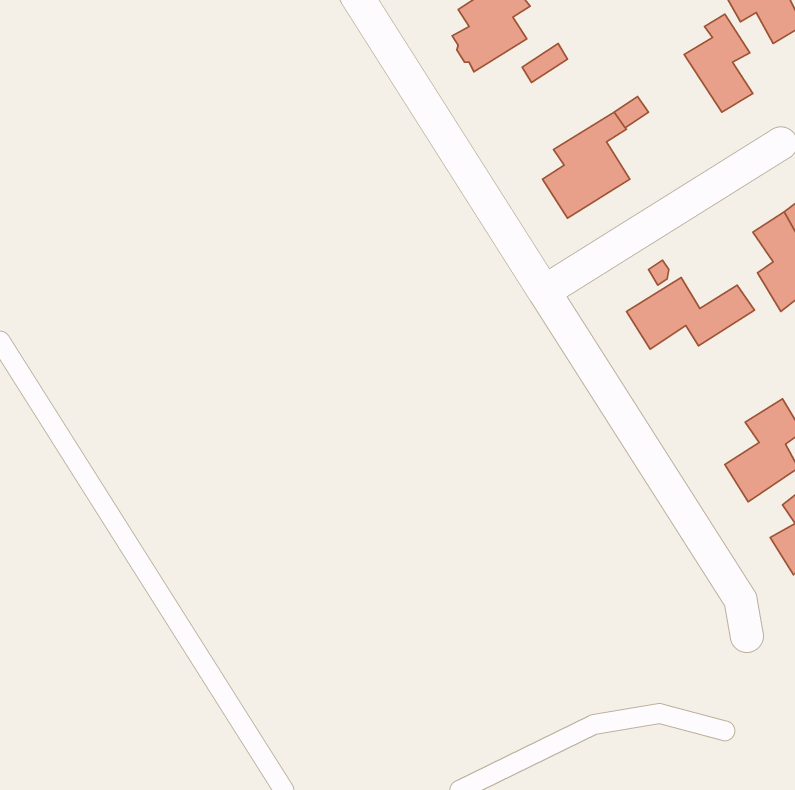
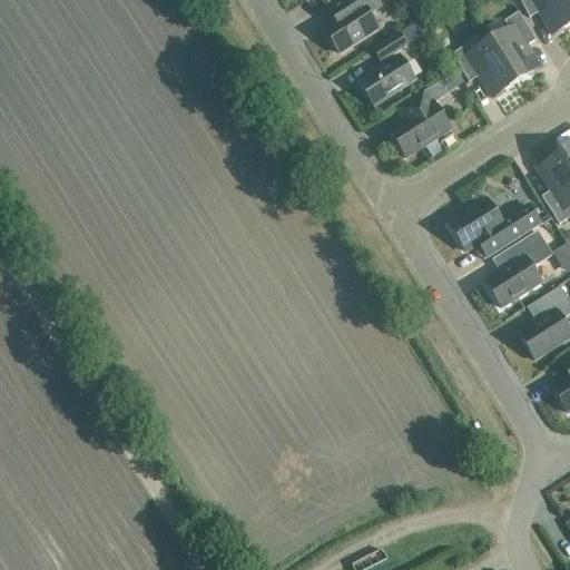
building: none -> [452,39,517,95]
building: none -> [358,53,415,105]
building: none -> [485,229,553,306]

